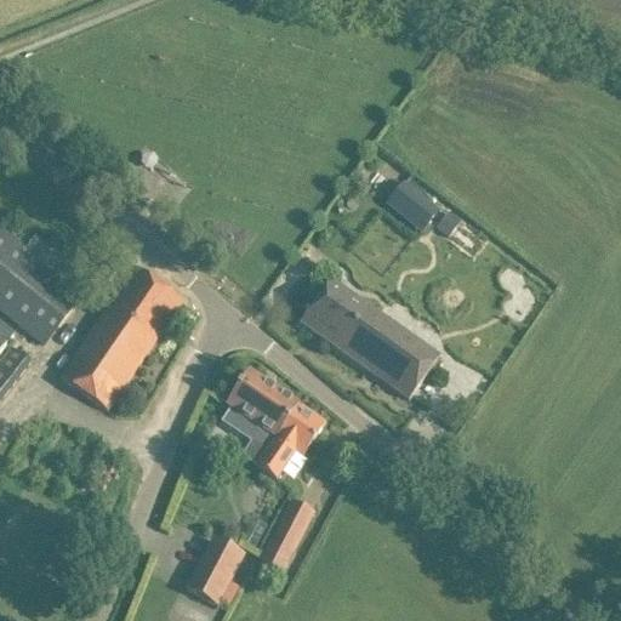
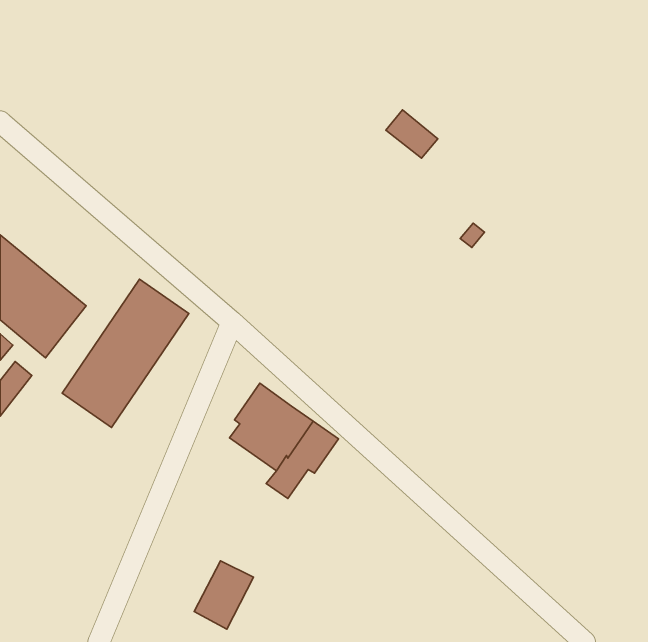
building: [387,181,437,227] -> [386,110,438,158]
building: [300,278,438,397] -> none
building: [258,498,313,575] -> none

